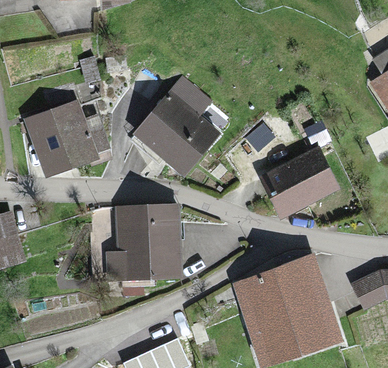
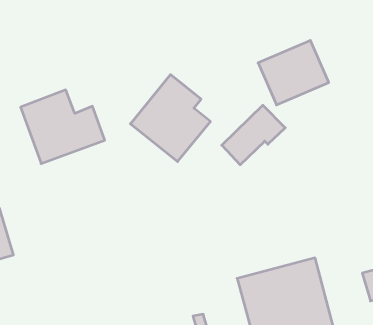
building: [266,155,335,218] -> [258,40,329,105]
building: [112,206,178,276] -> none

